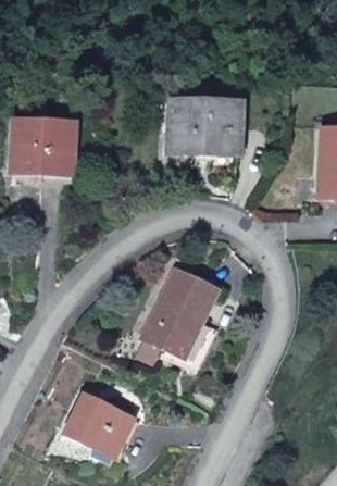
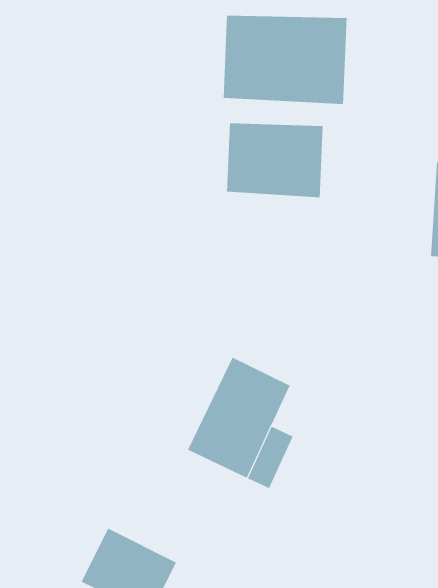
building: none -> [223,15,347,105]
building: [11,120,75,175] -> none

